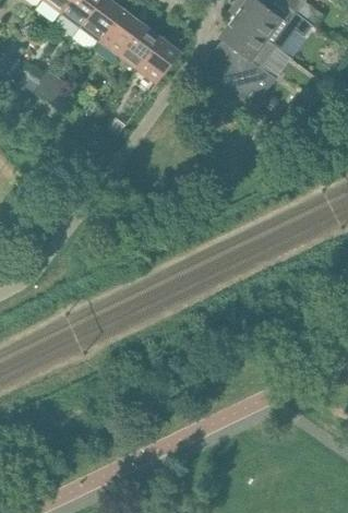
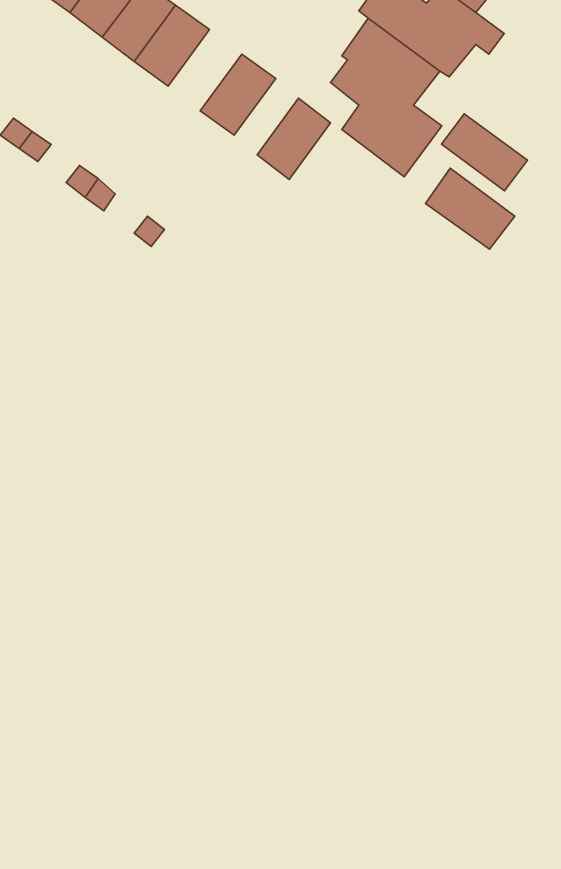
building: [119,23,161,70] -> [257,98,331,179]
building: none -> [441,114,527,191]
building: none -> [425,168,515,249]

